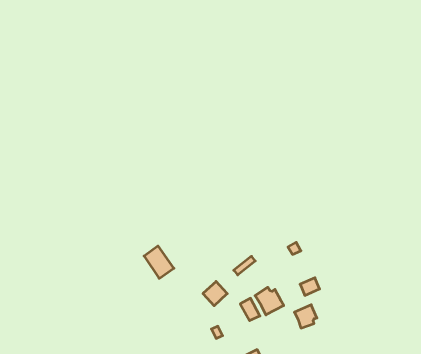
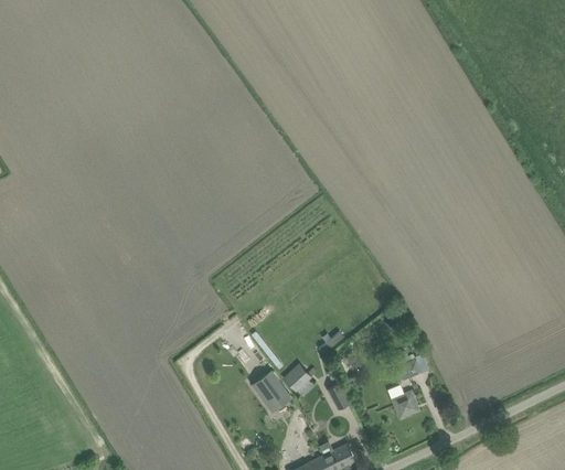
building: [144,246,174,278] -> [254,373,289,412]
building: [255,287,284,315] -> none

